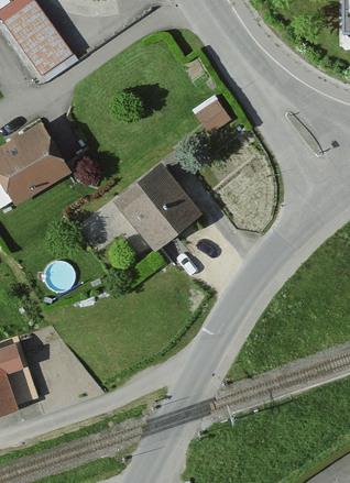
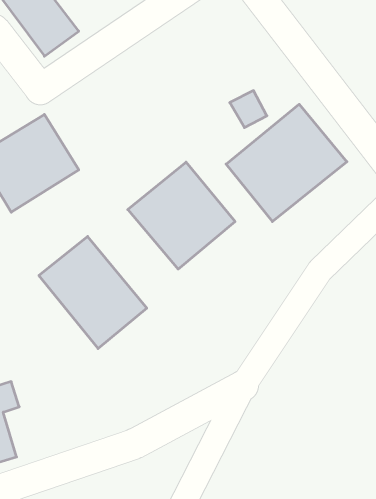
building: none -> [226,104,347,222]
building: none -> [39,236,147,349]

